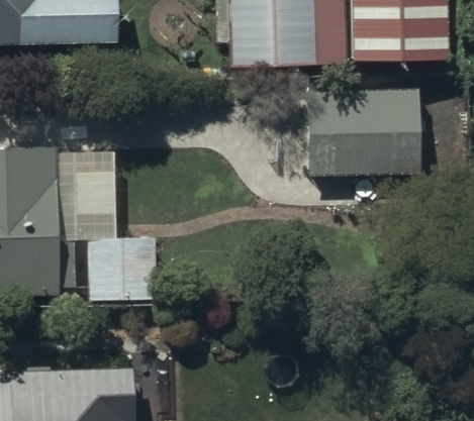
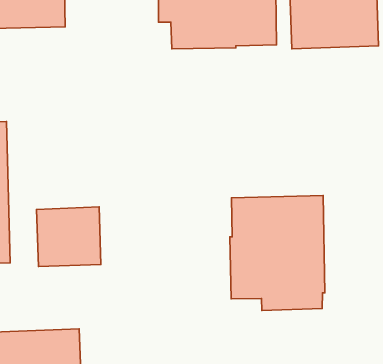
building: [306,89,420,175] -> none
building: none -> [230,196,325,310]

